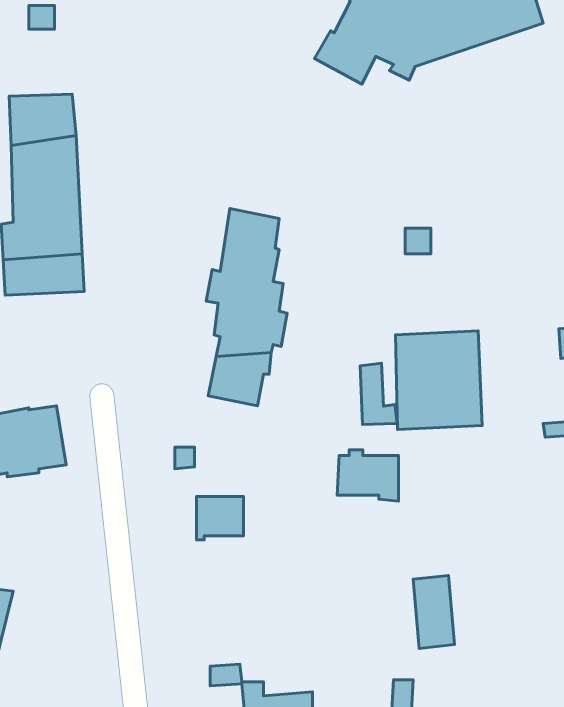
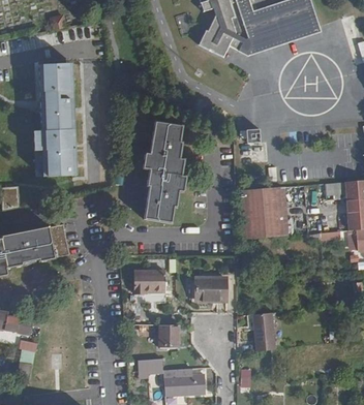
building: [360,363,397,424] -> none
building: [337,450,398,501] -> [192,277,224,304]
building: none -> [158,325,177,347]

